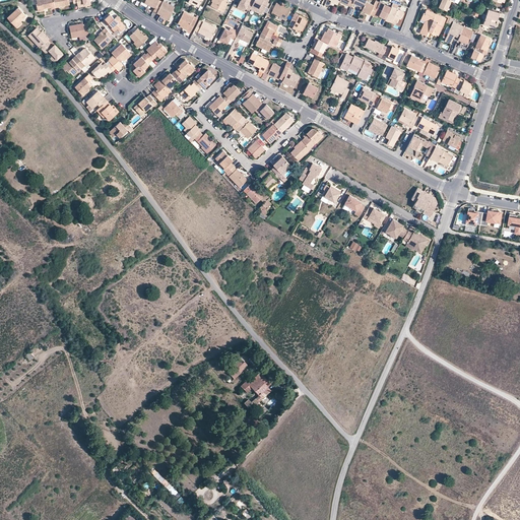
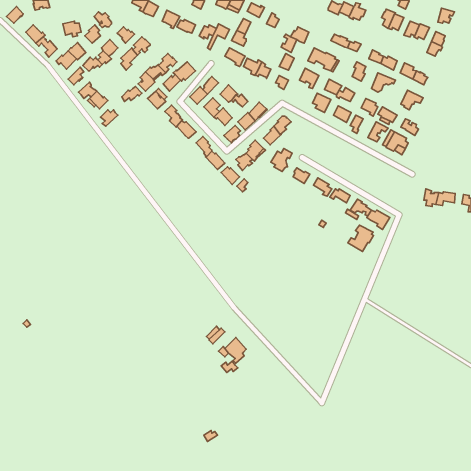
building: [411,188,437,212] -> none
building: none -> [348,225,374,252]

